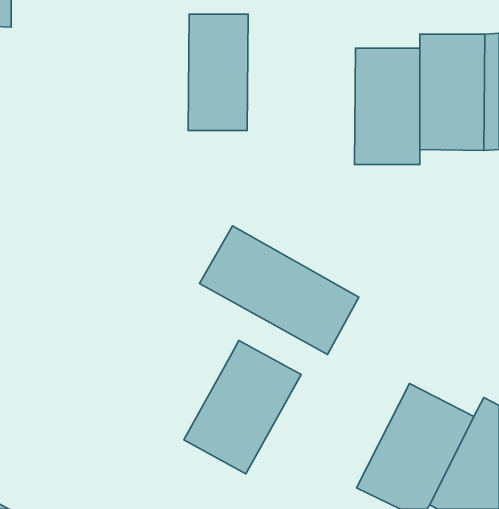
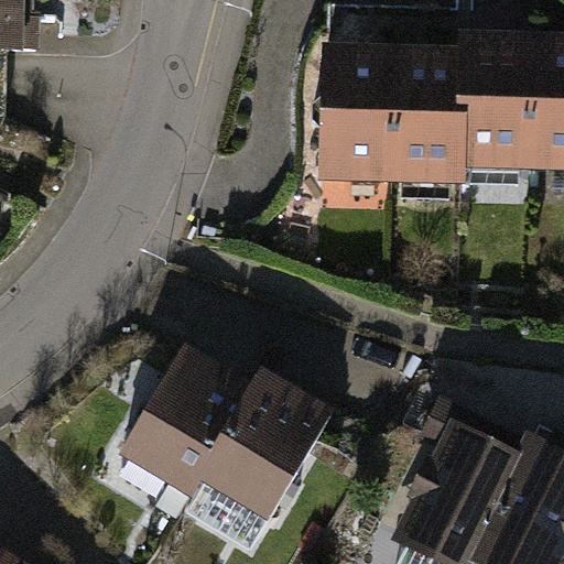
building: [188,14,248,131] -> [324,53,390,181]
building: [200,226,359,354] -> none
building: none -> [123,349,254,498]

